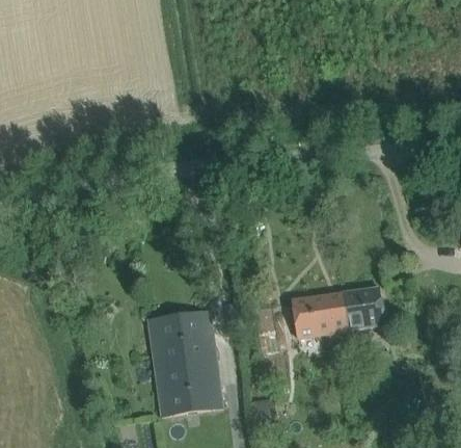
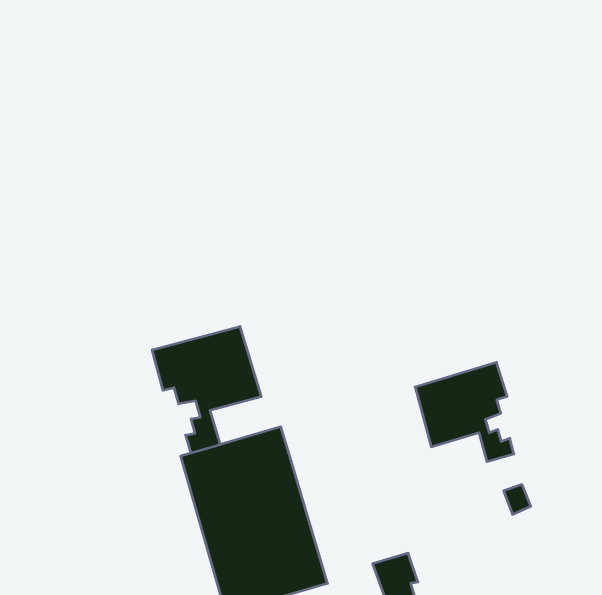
building: none -> [152,326,261,453]
building: [330,287,384,347] -> none

